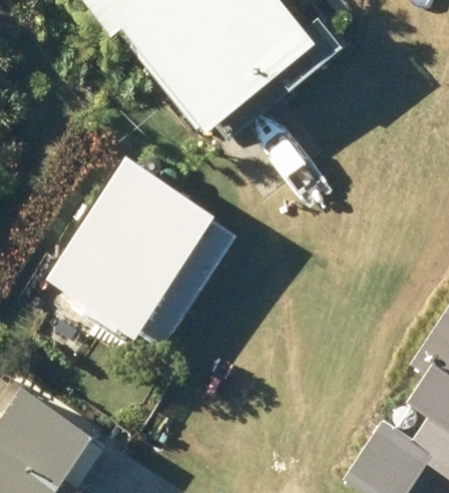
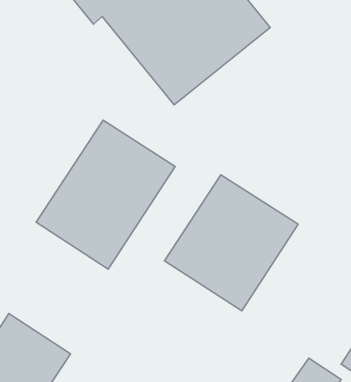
building: none -> [165,175,298,311]

